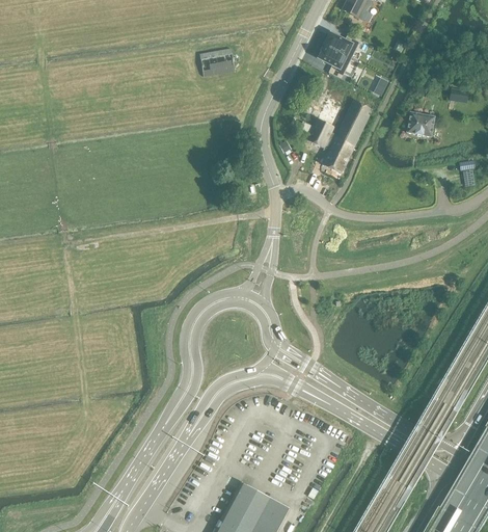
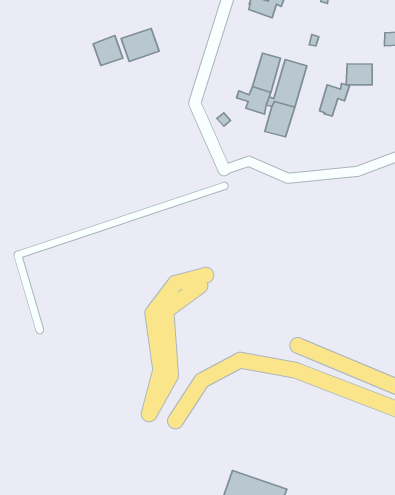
building: [318,47,347,79] -> none
building: none -> [93,35,123,66]
building: none -> [320,84,350,116]

